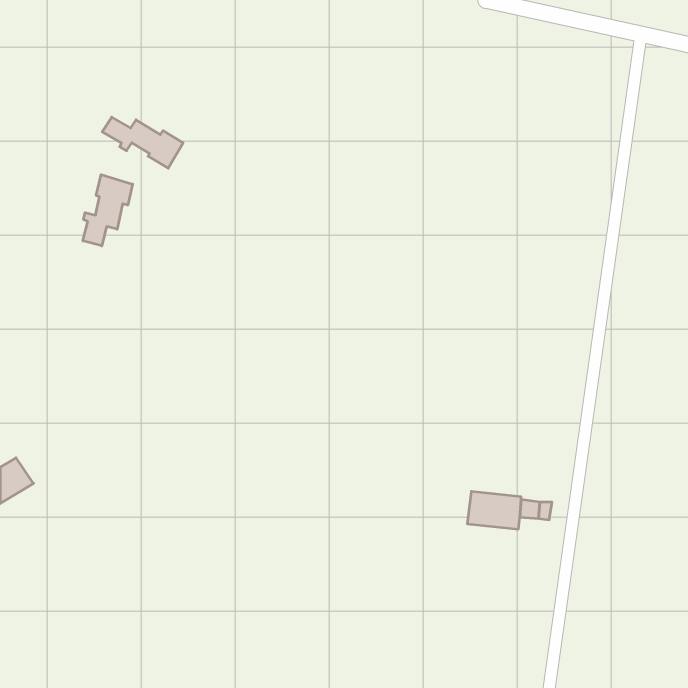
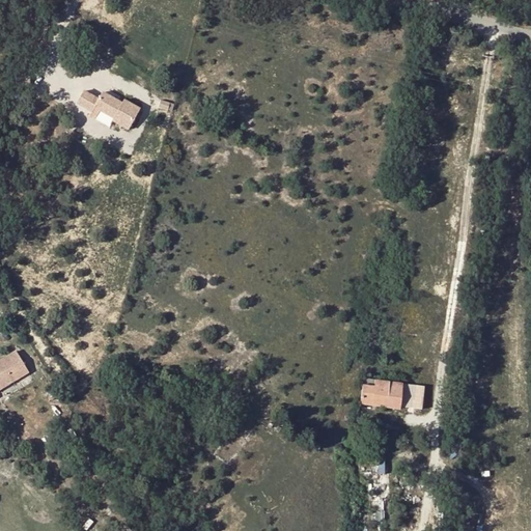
building: [83,175,133,246] -> none

